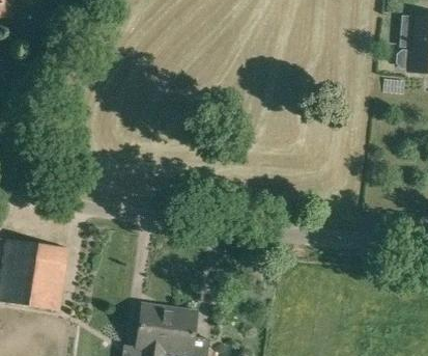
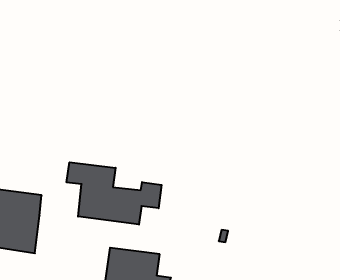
building: none -> [67,162,162,225]

